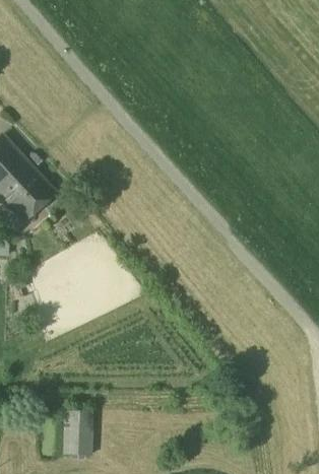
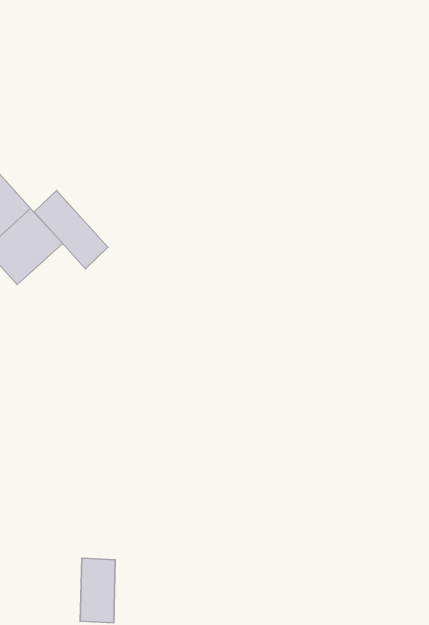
building: none -> [34,190,108,269]

